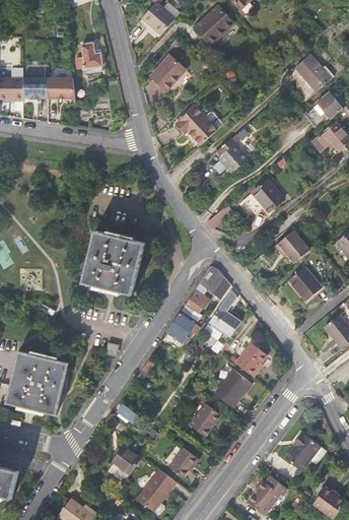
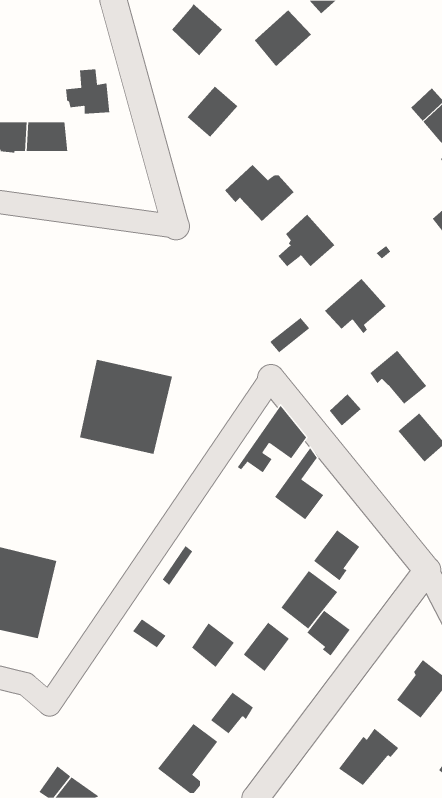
building: [168,312,198,342] -> none
building: none -> [306,610,350,657]
building: [111,446,139,475] -> [191,622,235,668]

